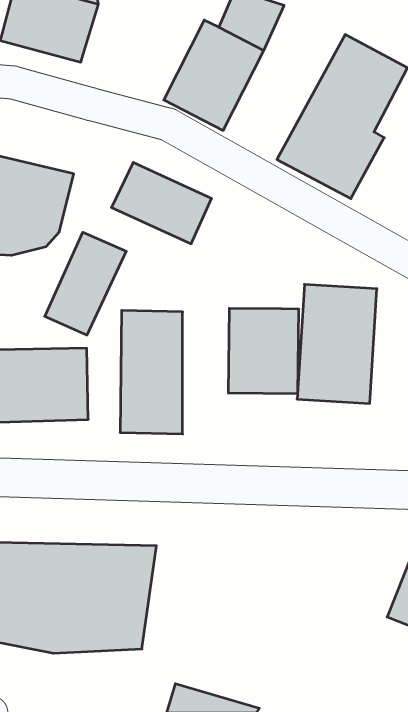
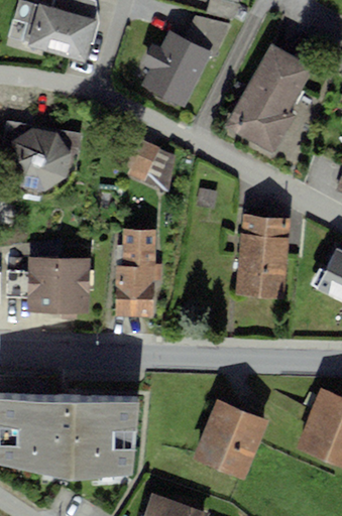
building: [45,232,126,335] -> none
building: [228,308,299,394] -> none
building: none -> [193,398,269,480]

